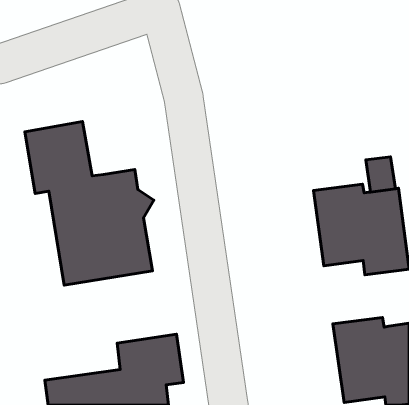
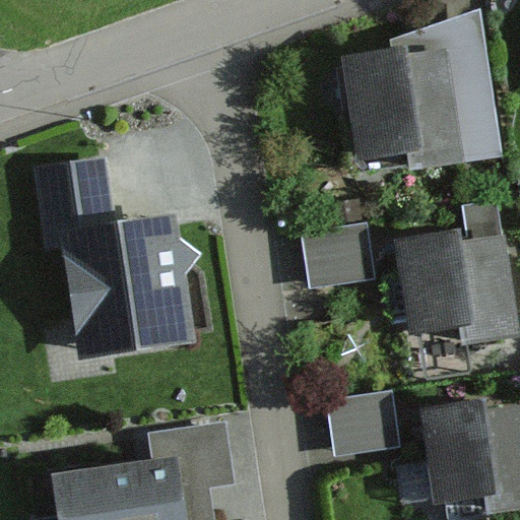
building: none -> [344,7,502,172]
building: none -> [303,222,374,285]
building: none -> [328,390,399,452]

